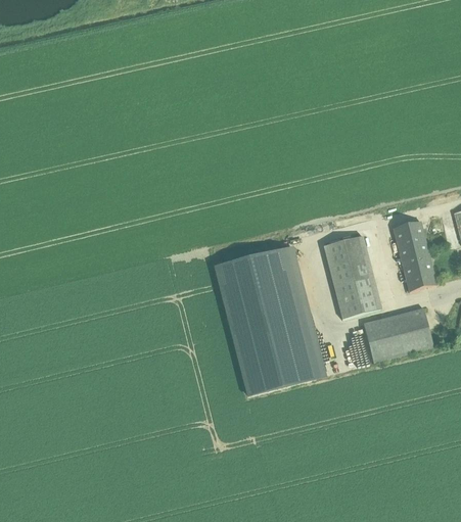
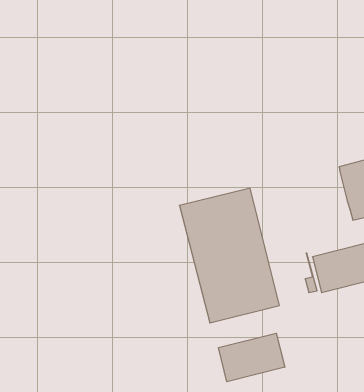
building: [322,236,380,319] -> none
building: none -> [219,333,285,382]

